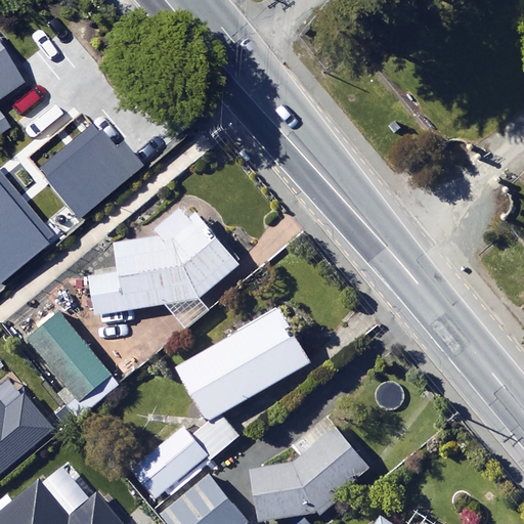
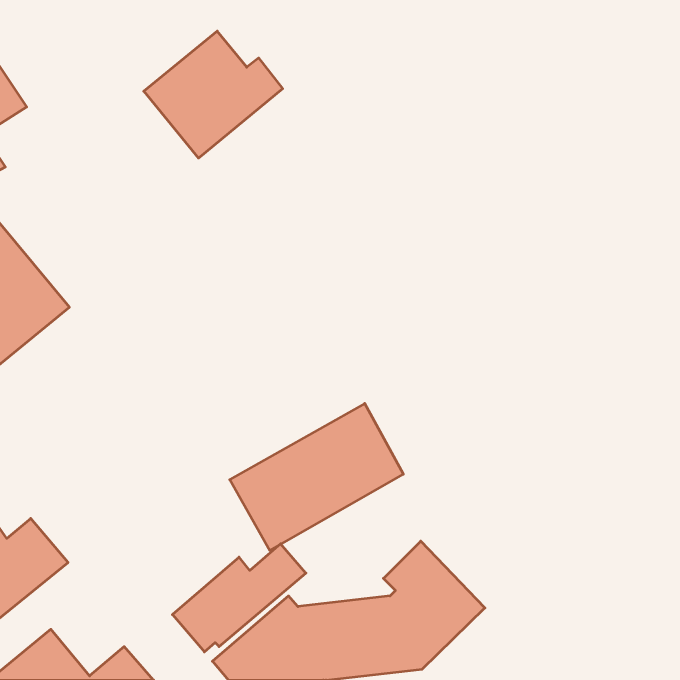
building: [35,120,141,217] -> [144,31,283,158]
building: [89,207,239,316] -> none
building: [30,315,117,411] -> none

